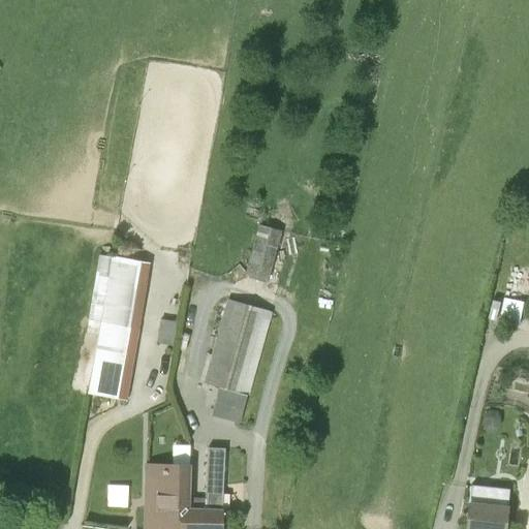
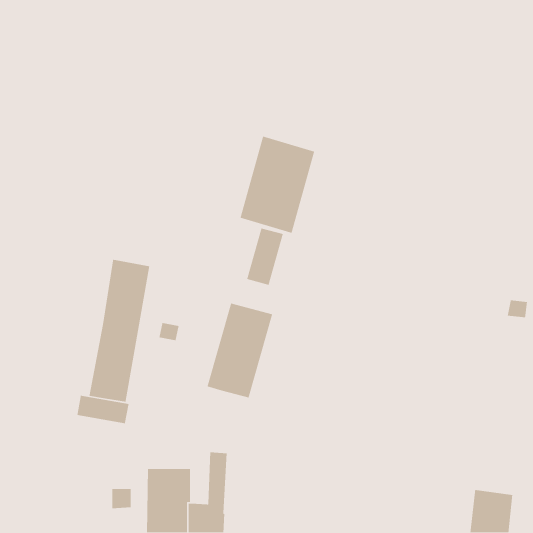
building: none -> [239,136,315,234]
building: [212,387,247,422] -> none
building: none -> [77,395,129,424]

